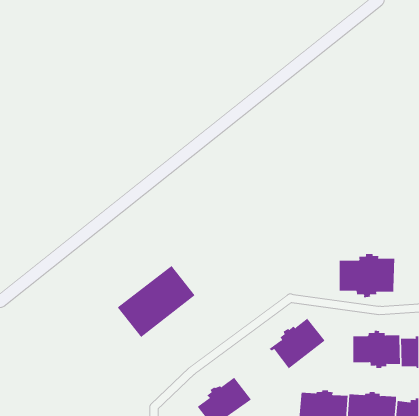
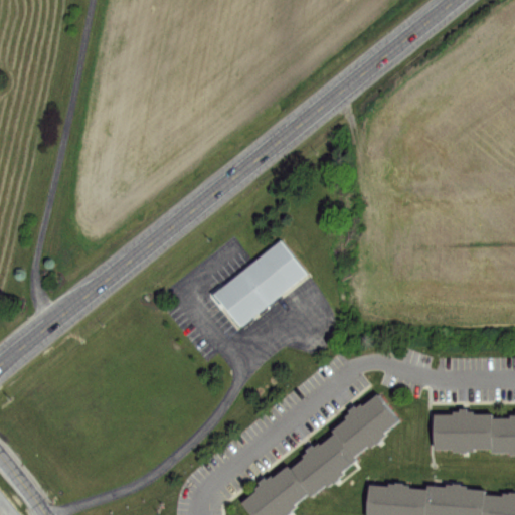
building: [339,253,395,298] -> none
building: [117,265,196,338] -> [212,240,309,330]
building: none -> [290,433,357,496]

